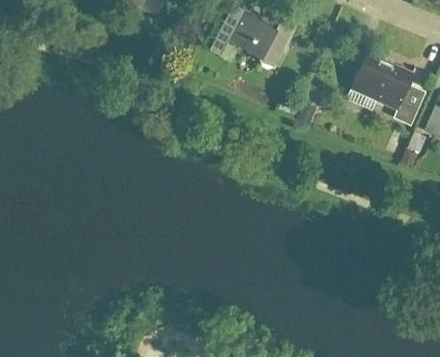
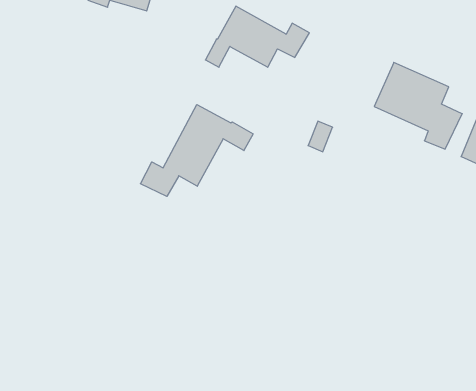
building: none -> [140,105,253,196]

